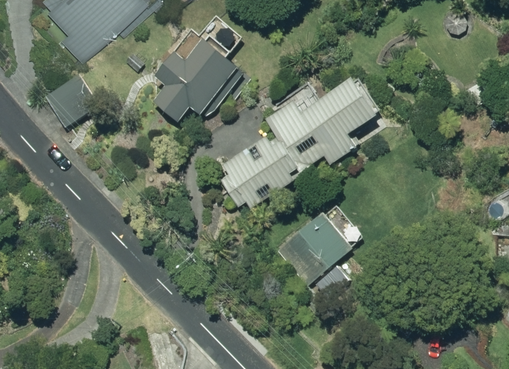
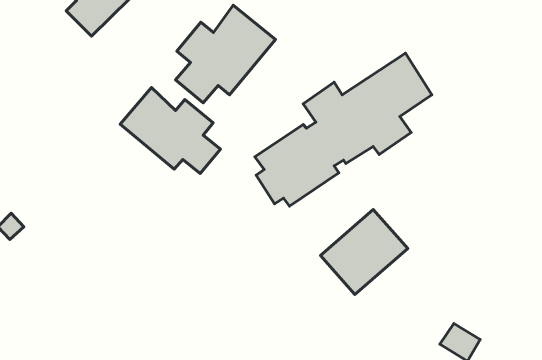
building: [46,74,101,128] -> none
building: none -> [120,87,220,173]

